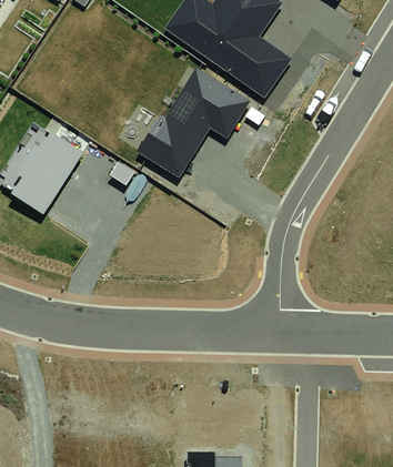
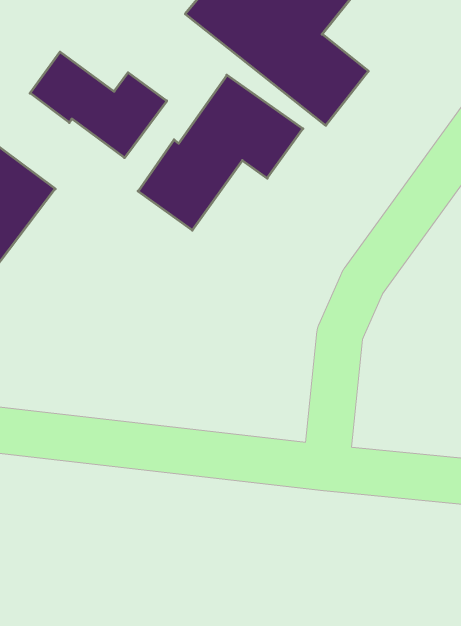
building: none -> [30,52,167,158]

